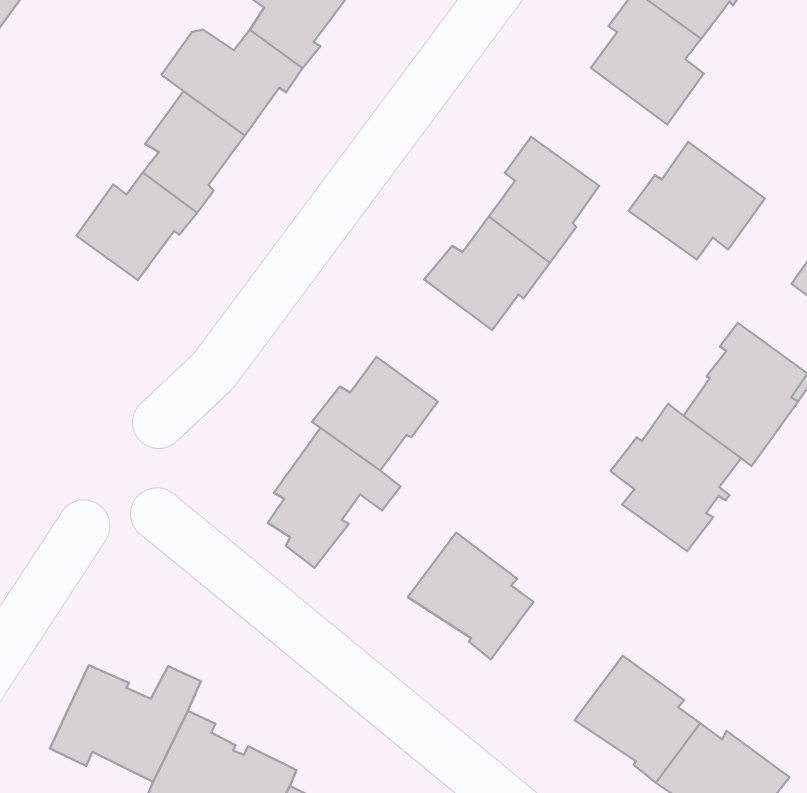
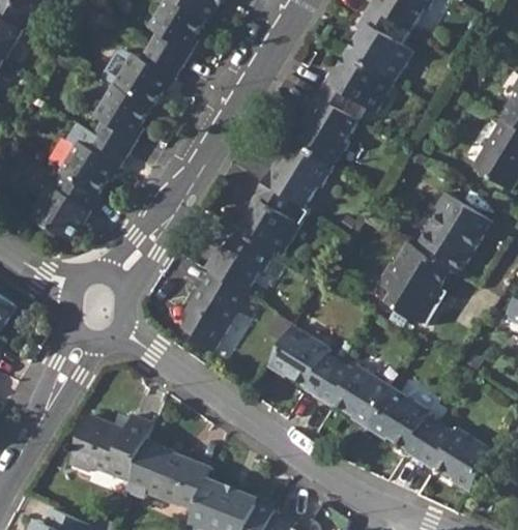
building: [629,142,765,260] -> [316,52,394,119]
building: none -> [30,174,96,241]
building: none -> [237,181,308,255]
building: none -> [317,361,393,428]

